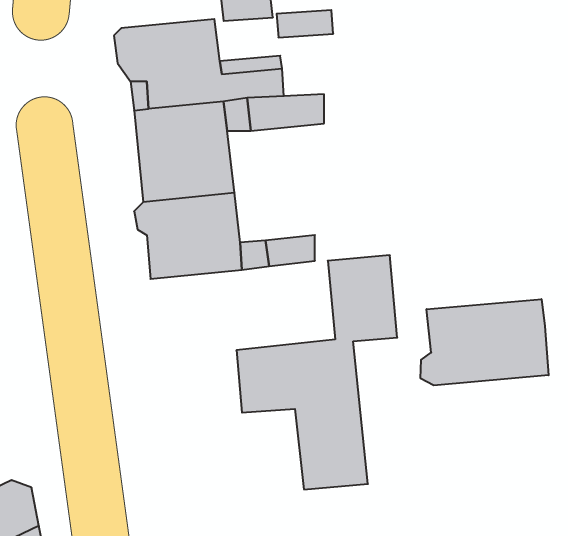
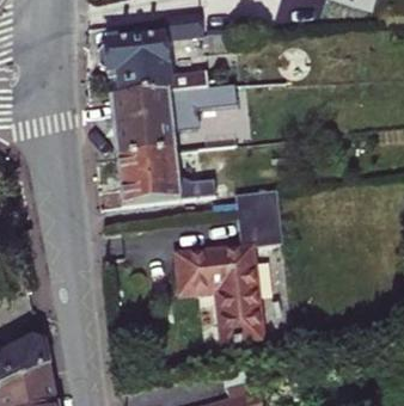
building: [421,299,549,385] -> none

